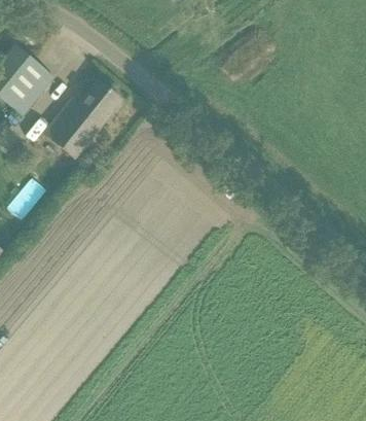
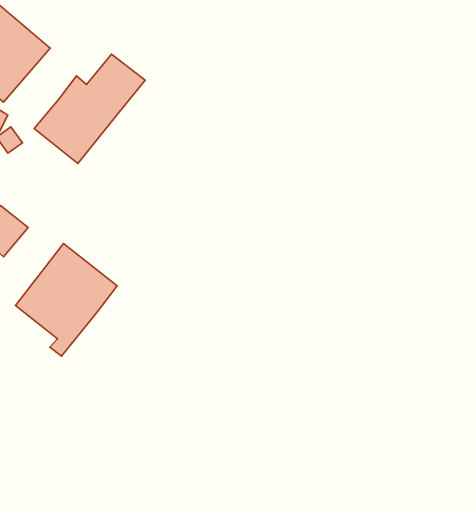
building: none -> [16,243,117,356]

